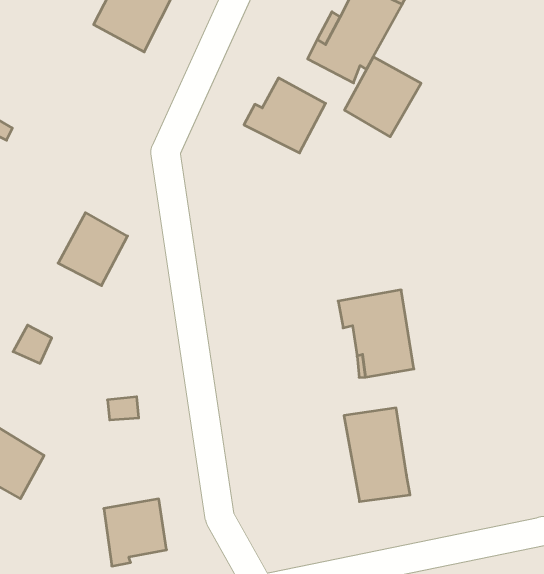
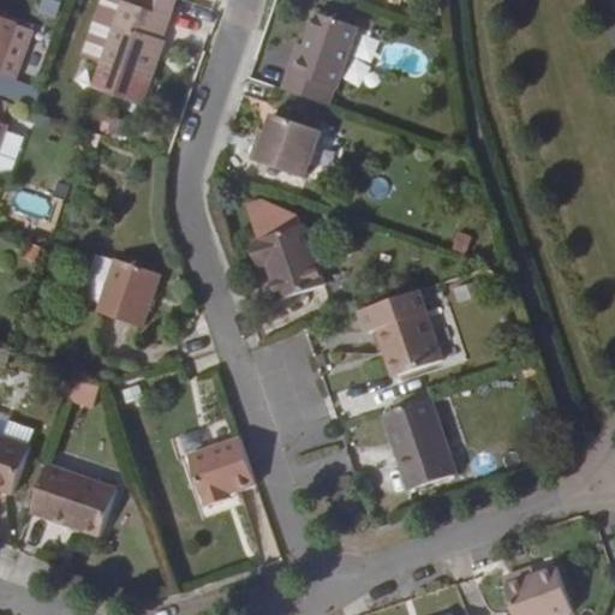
building: [345,57,421,137] -> none
building: none -> [240,197,320,294]
building: [104,499,167,566] -> [185,442,249,510]

